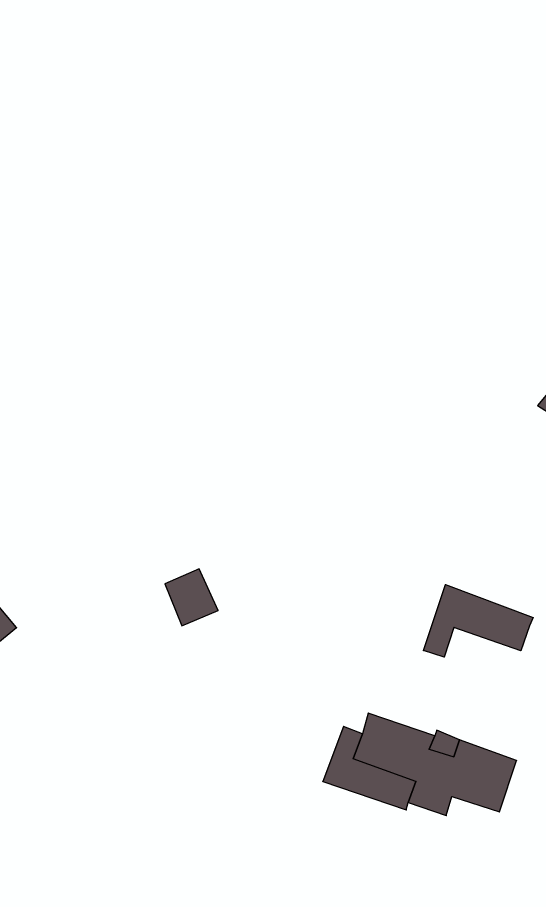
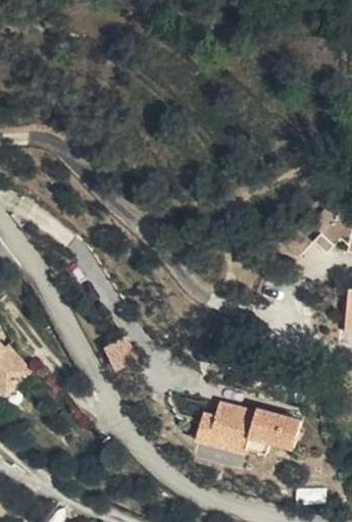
building: [423,585,533,657] -> none

